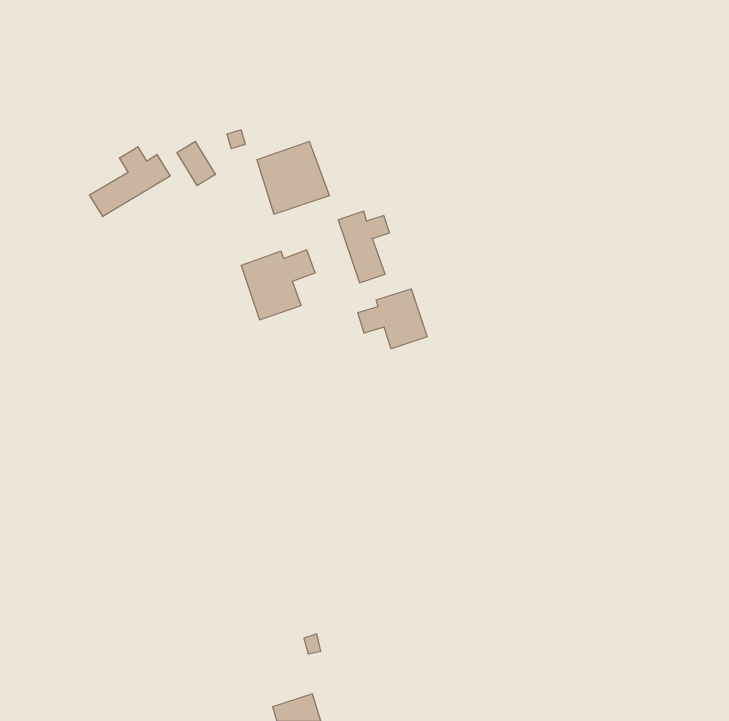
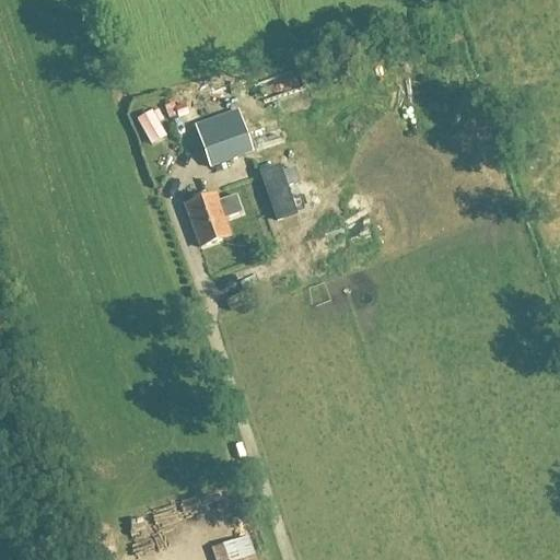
building: [89,147,170,217] -> none
building: [358,289,427,349] -> none

